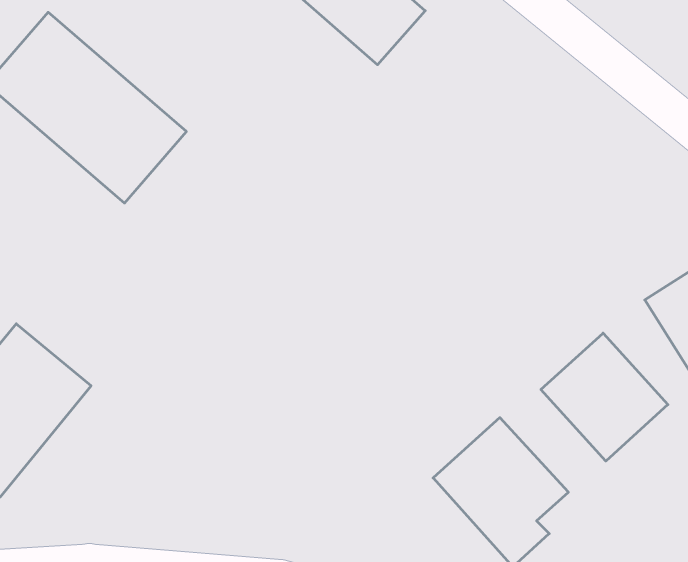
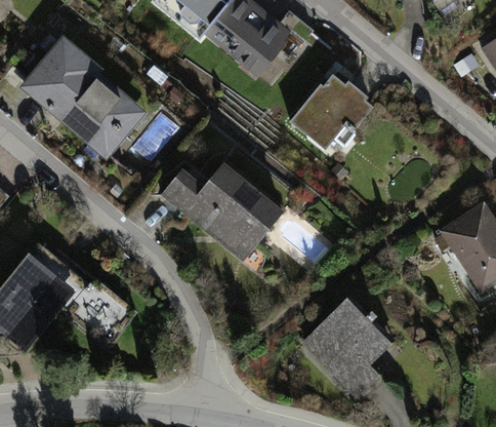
building: none -> [286,65,374,153]
building: none -> [159,165,279,261]
building: [541,333,668,461] -> none

